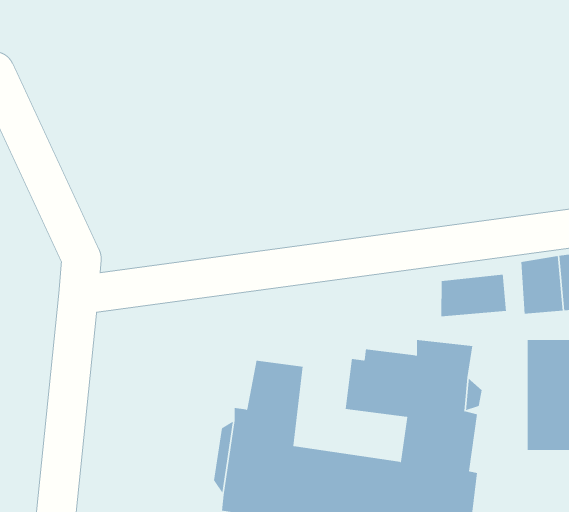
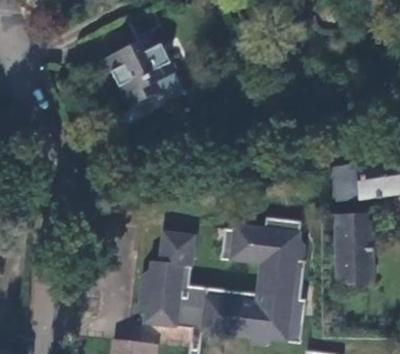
building: none -> [94,27,194,107]
building: [441,274,507,317] -> none

